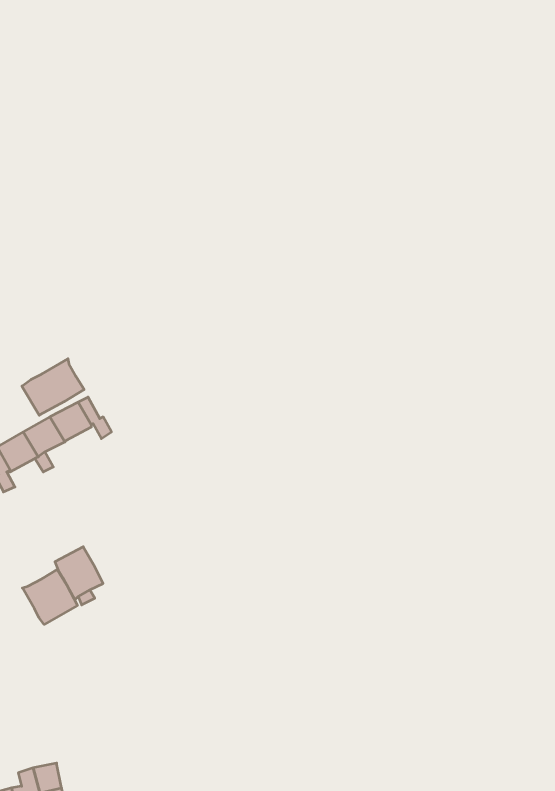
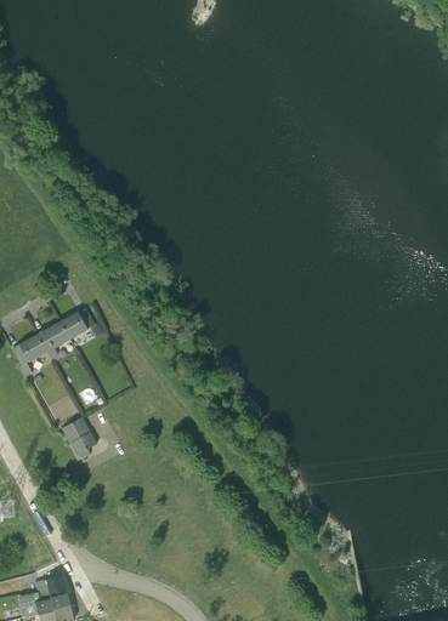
building: [22,359,84,415] -> none
building: [22,570,77,624] -> none

